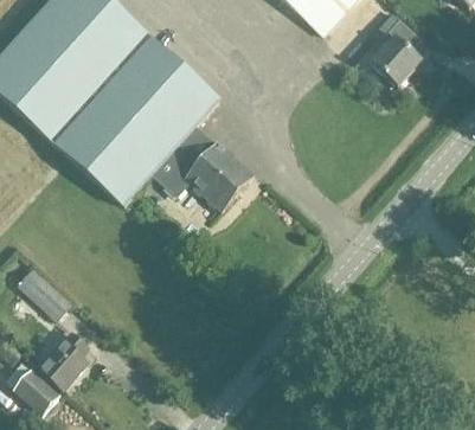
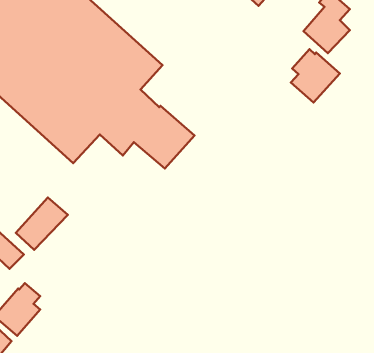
building: none -> [291,49,340,102]
building: none -> [16,198,68,250]

